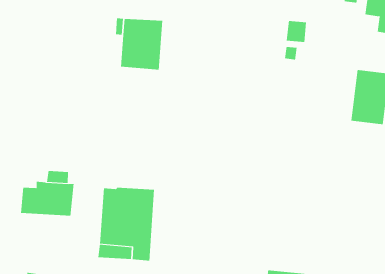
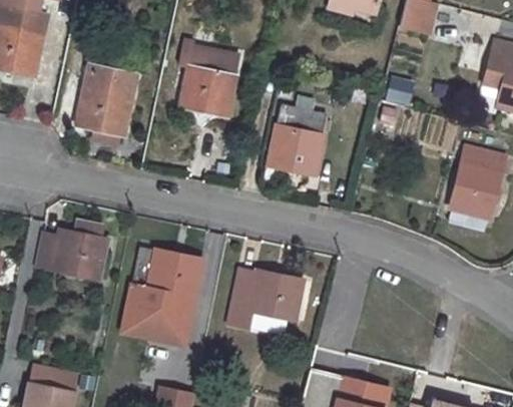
building: none -> [76,65,136,135]
building: none -> [269,107,326,174]
building: none -> [226,271,303,328]

